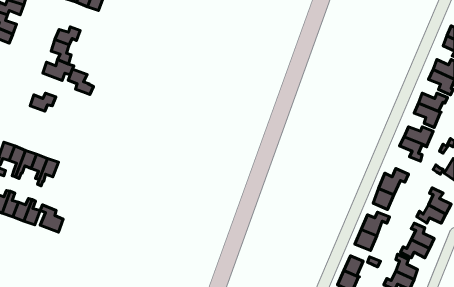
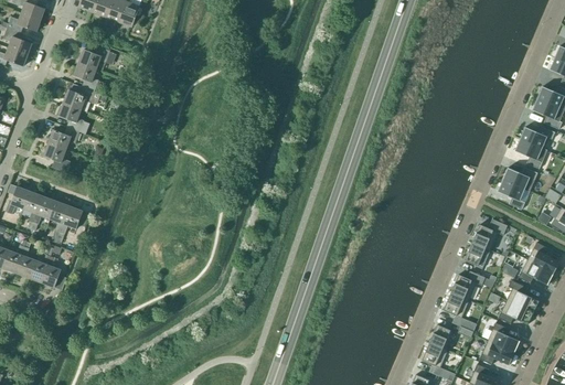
building: [68,69,94,95] -> [57,103,88,133]
building: none -> [42,142,70,172]
building: [40,205,63,232] -> none

